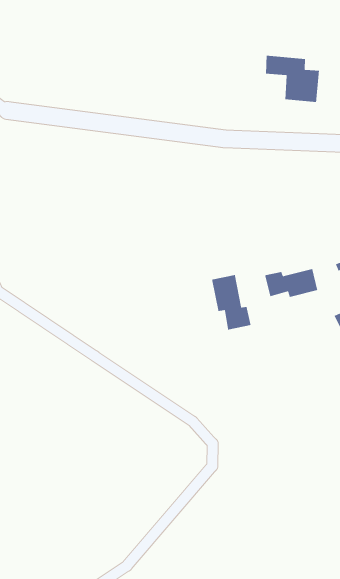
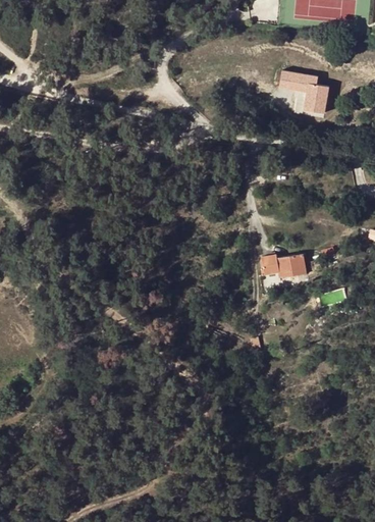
building: [211,274,252,330] -> none

